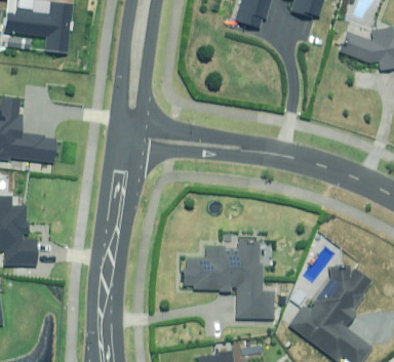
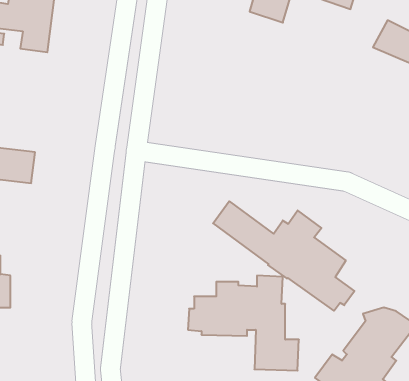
building: none -> [213,201,354,311]

